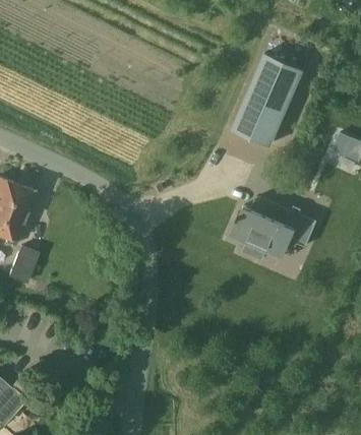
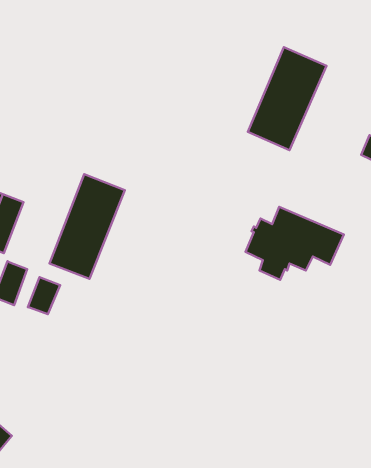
building: none -> [50,174,125,279]
building: none -> [28,277,60,314]

